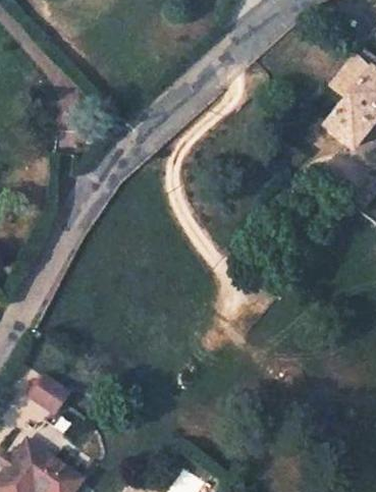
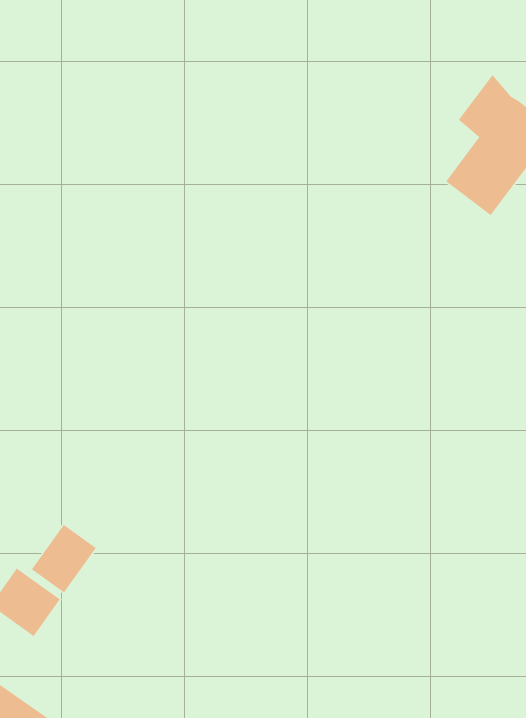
building: none -> [31,524,97,594]

